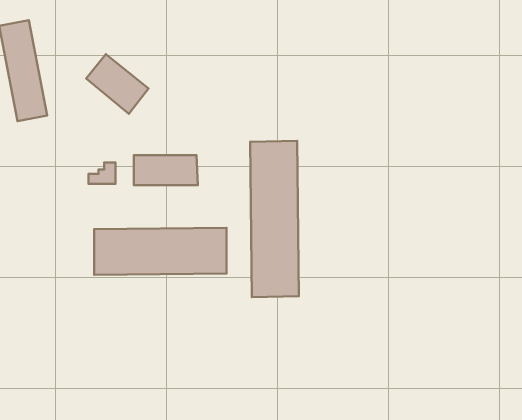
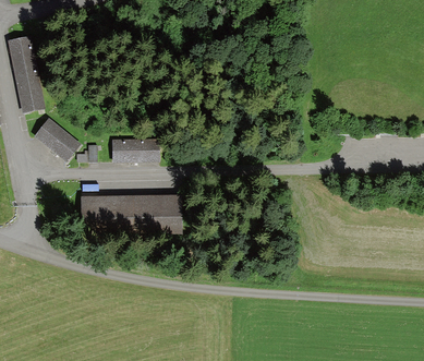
building: [86,54,149,114] -> [32,116,80,161]
building: [250,141,299,297] -> none

